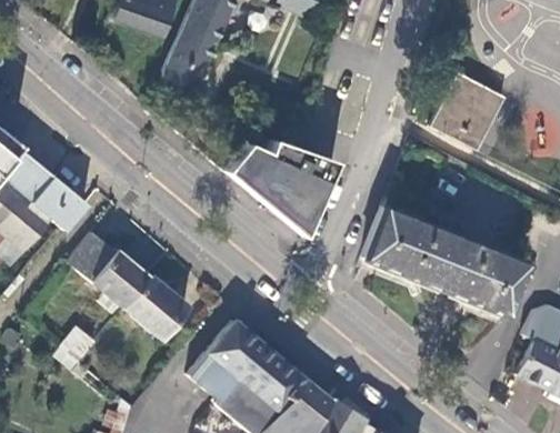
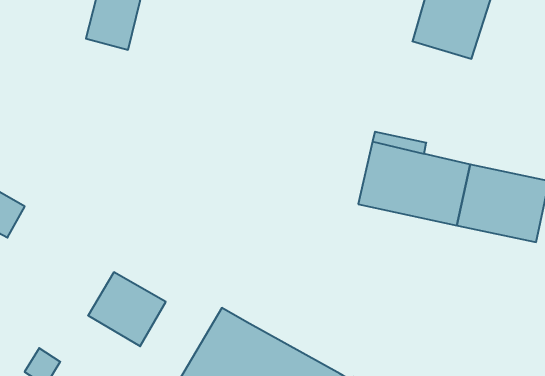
building: [224,139,337,236] -> none
building: [69,233,150,308] -> none

